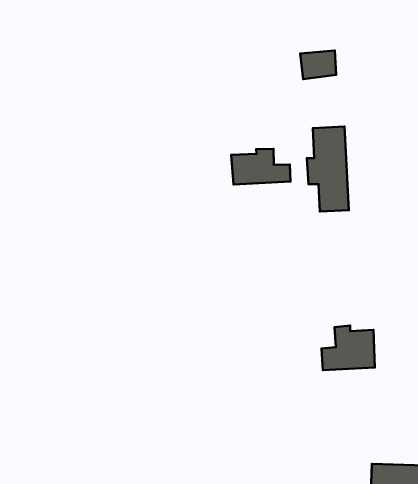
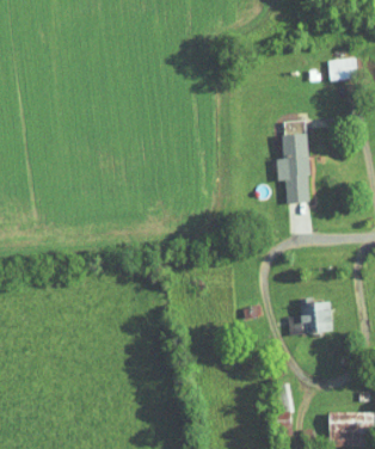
building: [300,50,336,79] -> [327,57,357,81]
building: [231,149,290,184] -> none

